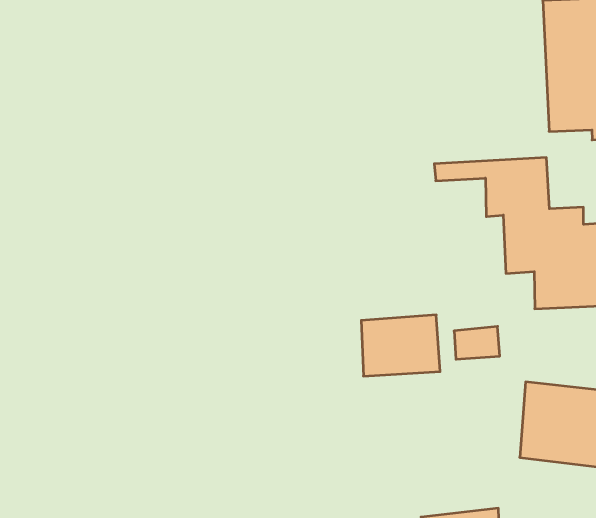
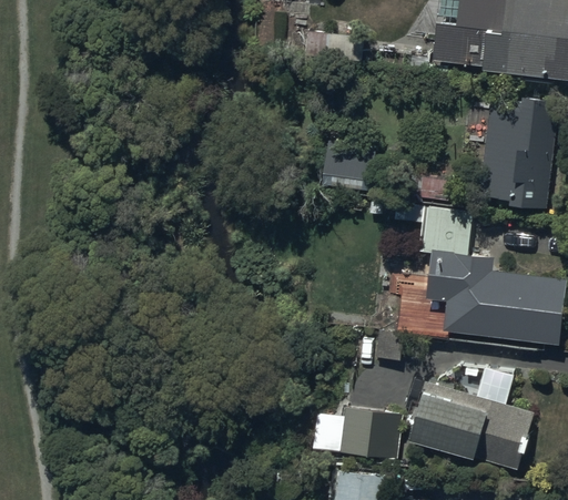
building: [361,315,440,376] -> [337,411,402,461]

